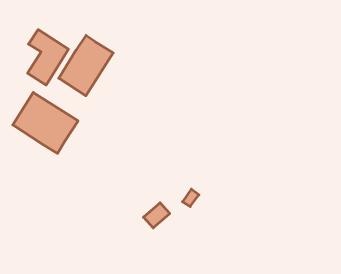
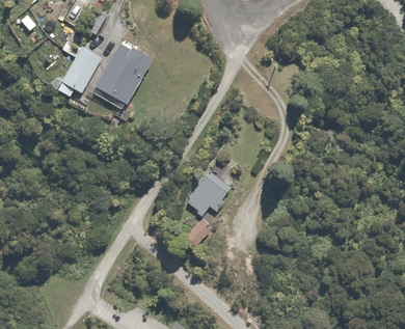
building: [13,92,78,153] -> none
building: none -> [185,172,230,216]

